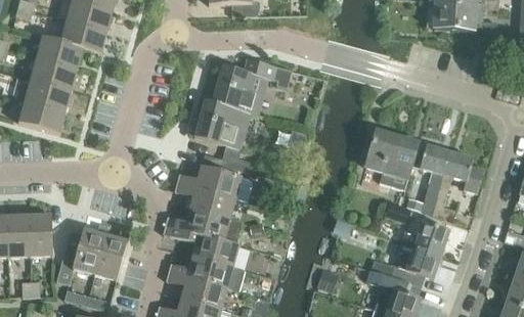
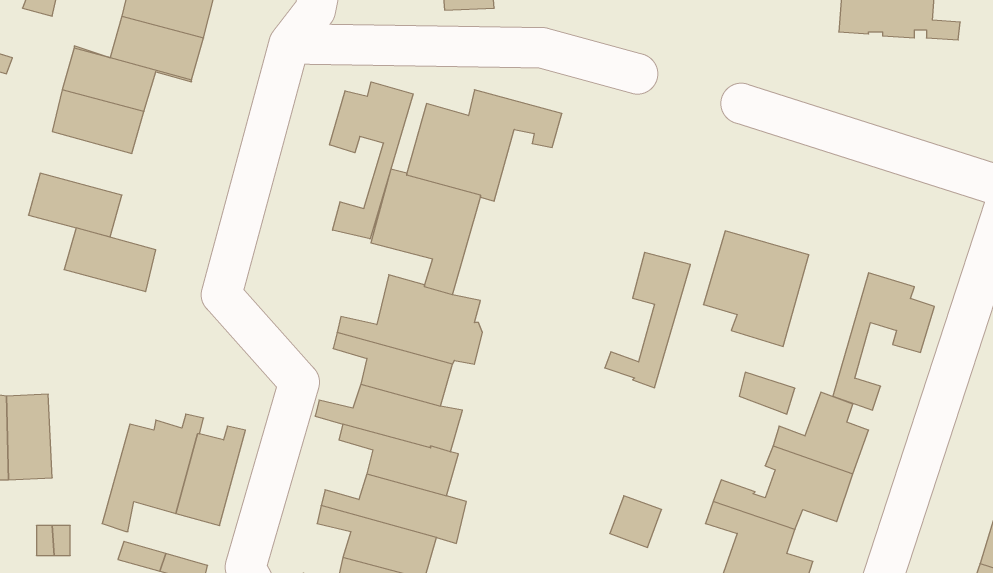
building: none -> [330,82,413,239]
building: [24,79,71,111] -> [64,228,156,292]
building: [405,145,449,215] -> [605,252,690,388]
building: [28,213,52,257] -> none

